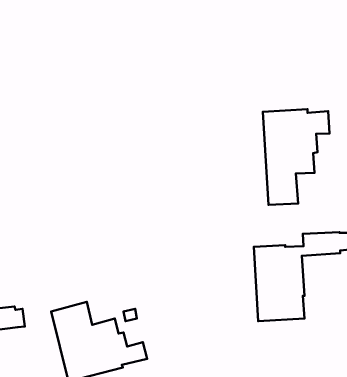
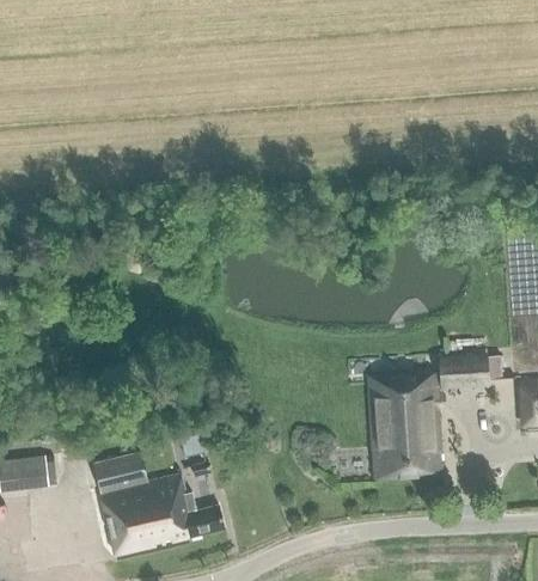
building: [263,109,329,205] -> none

